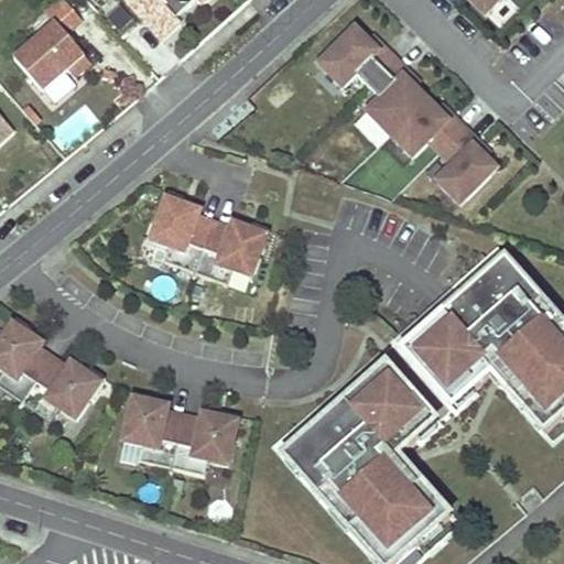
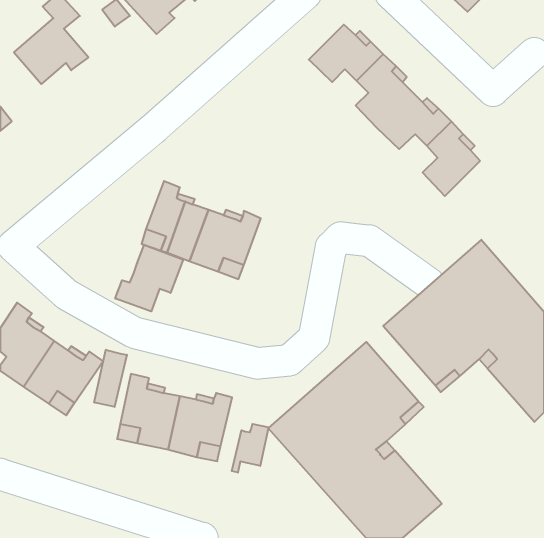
building: none -> [115,245,183,311]
building: none -> [94,350,127,407]
building: none -> [232,424,268,473]

